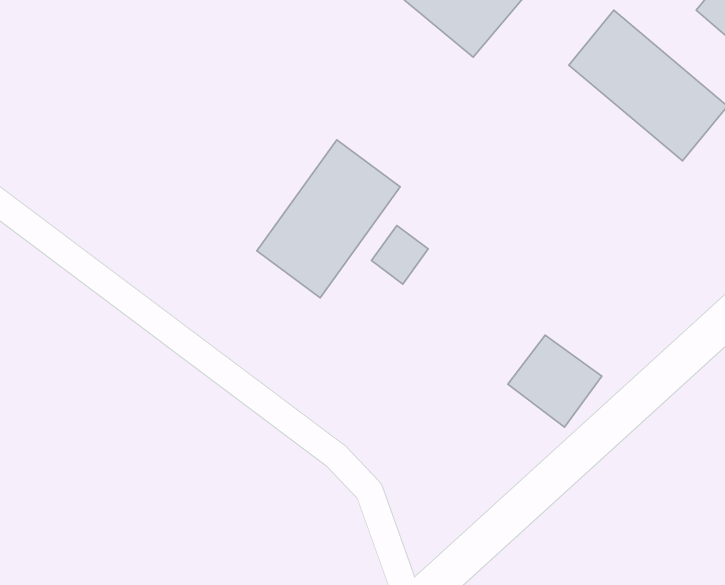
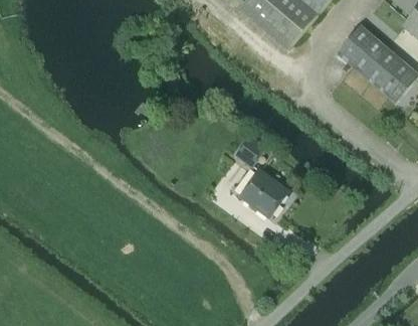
building: [257,140,400,298] -> none
building: [508,335,602,427] -> [239,169,287,216]

